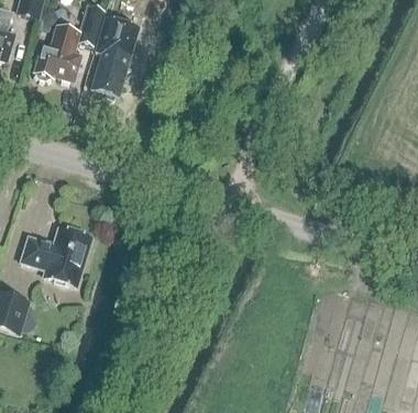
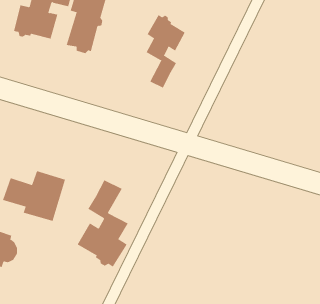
building: none -> [146,14,186,89]
building: none -> [77,180,129,267]

